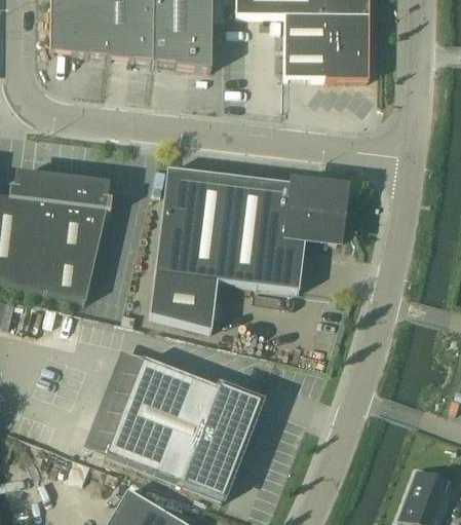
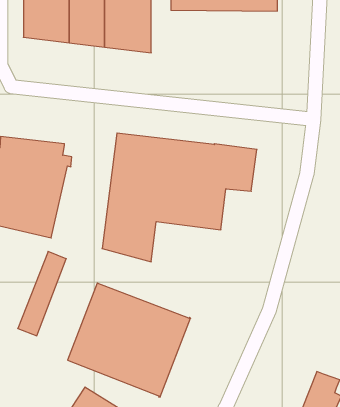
building: [284,15,370,80] -> none
building: [83,348,144,454] -> [18,251,66,336]

